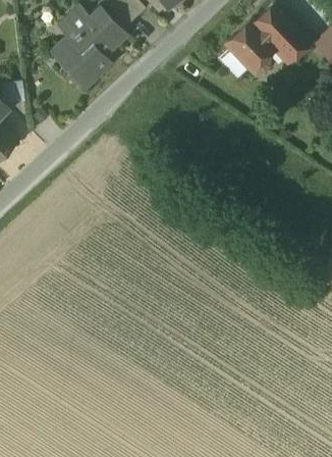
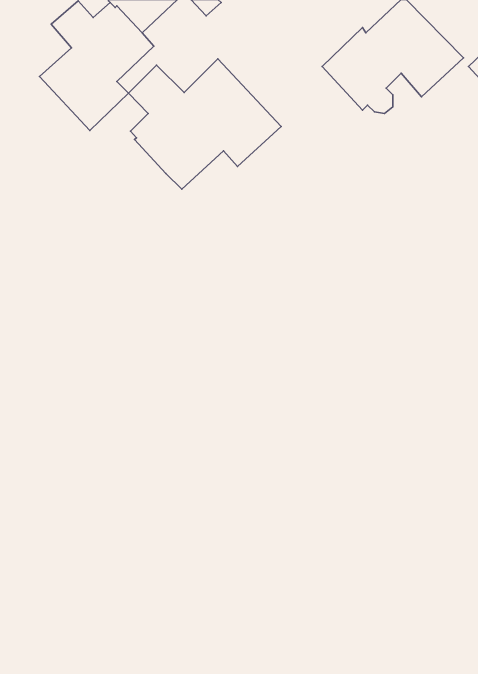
building: none -> [129,59,281,189]

